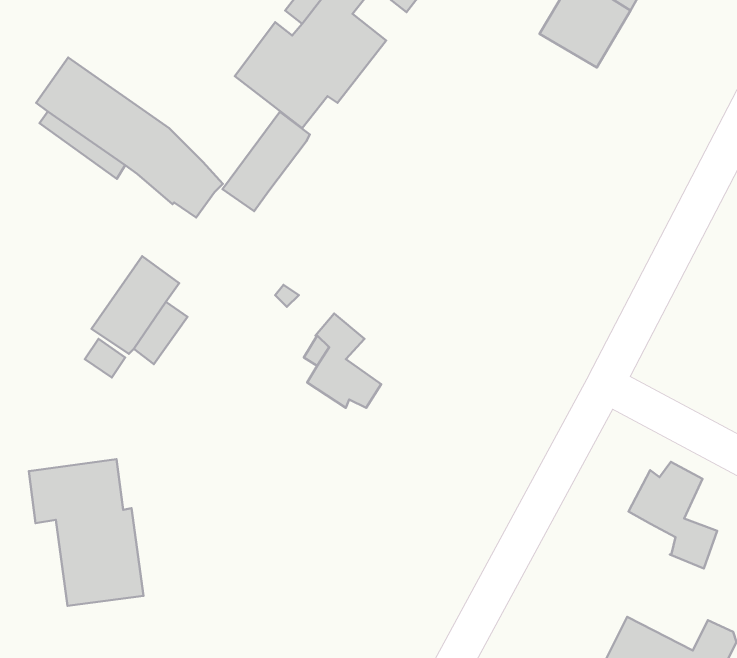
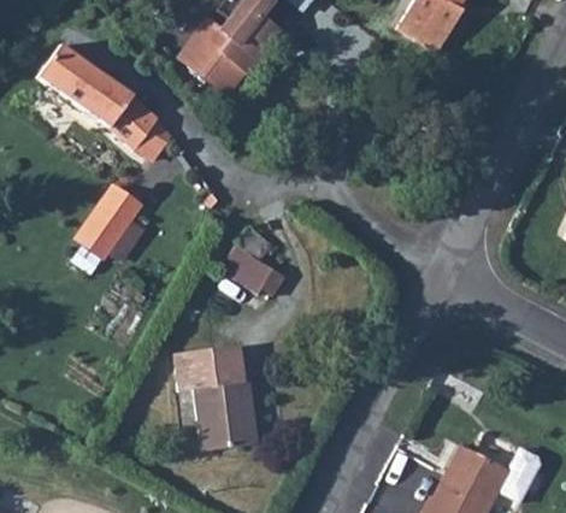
building: [223,112,310,211] -> none
building: [29,459,143,606] -> [175,344,257,449]
building: [628,462,717,568] -> none

